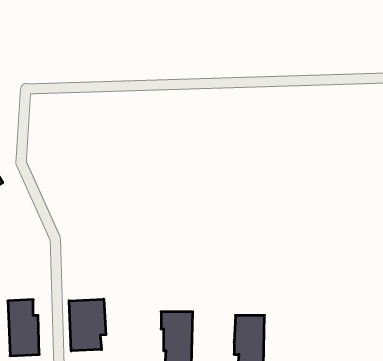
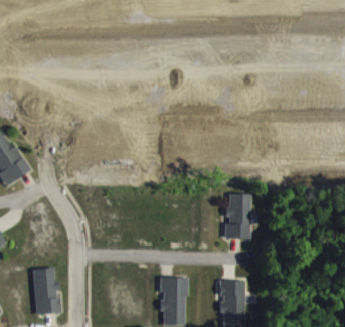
building: none -> [225,193,250,238]
building: [69,299,106,351] -> none

